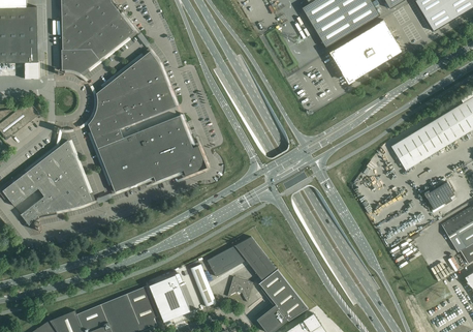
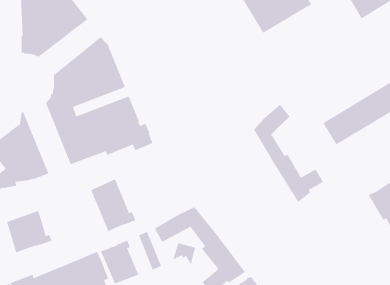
building: [328,20,401,84] -> none
building: none -> [254,104,324,203]
building: [423,182,453,209] -> none
building: none -> [91,179,136,232]
building: none -> [7,210,52,253]

